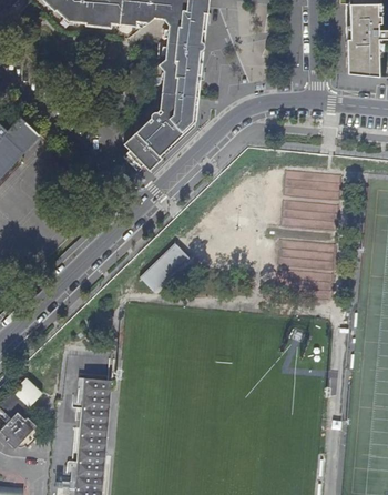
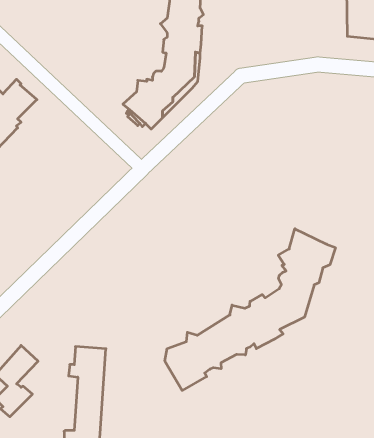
building: [141,242,191,292] -> none
building: none -> [165,229,335,390]

